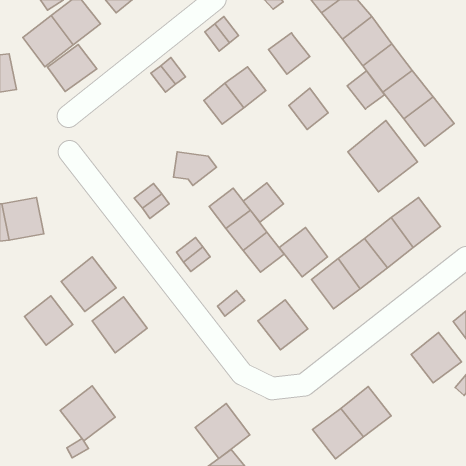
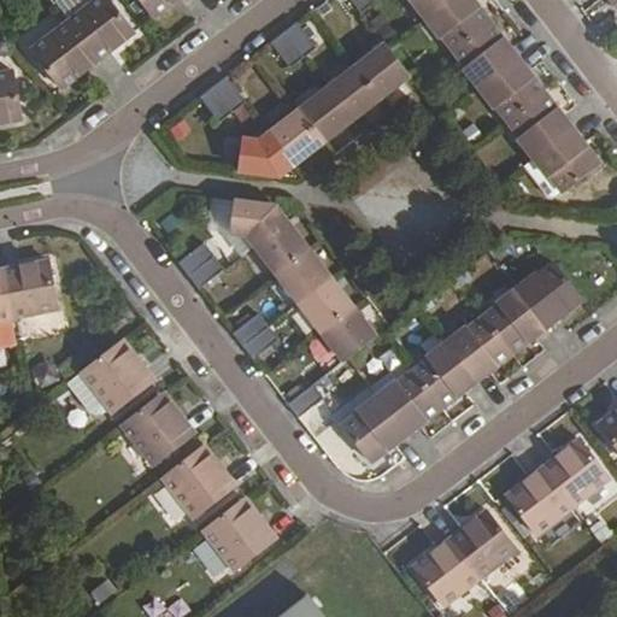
building: [48,44,97,92] -> none
building: [347,71,385,109] -> none
building: [289,88,328,129] -> [327,65,378,119]
building: none -> [237,133,293,175]
building: [348,120,417,192] -> none
building: [243,183,283,222] -> [254,221,307,272]
building: [279,228,328,277] -> [376,369,440,434]
building: [24,296,73,345] -> none
building: none -> [505,468,571,534]
building: [60,386,115,441] -> [161,445,234,517]
building: [195,404,250,458] -> [202,498,275,570]

